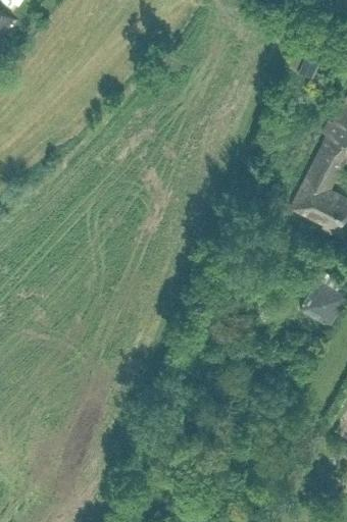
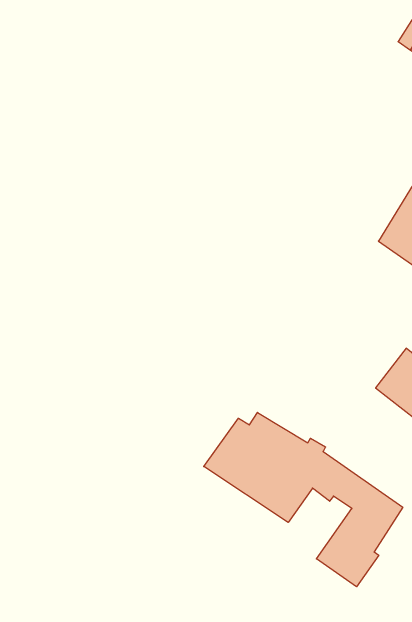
building: none -> [204,412,403,587]

